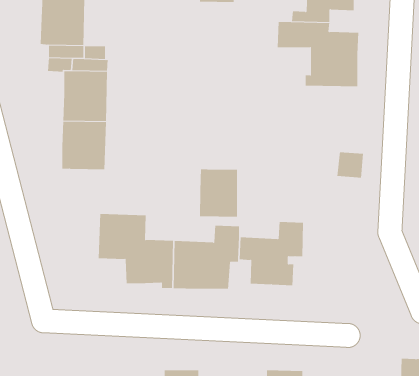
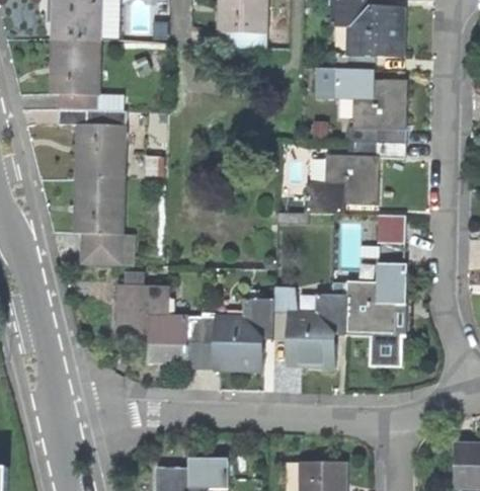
building: none -> [306,141,406,212]
building: [200,169,238,218] -> none
building: none -> [83,234,123,265]
building: none -> [344,261,405,365]

